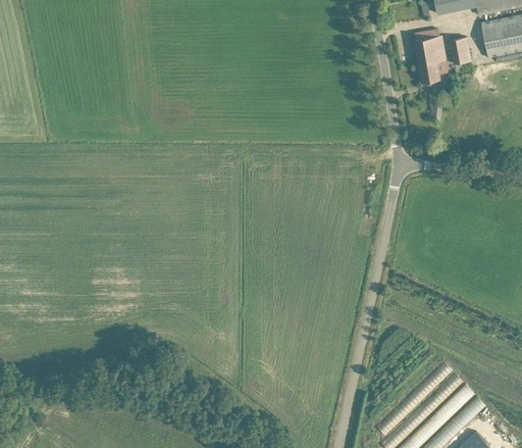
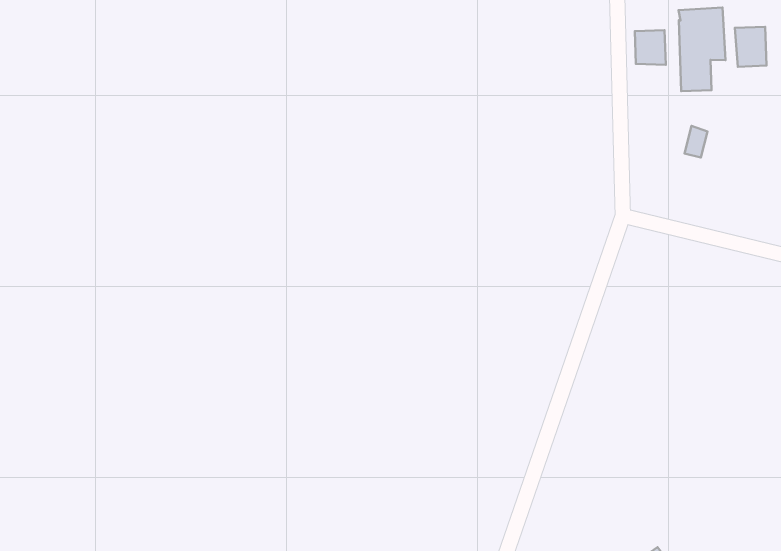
building: none -> [635,30,666,65]

